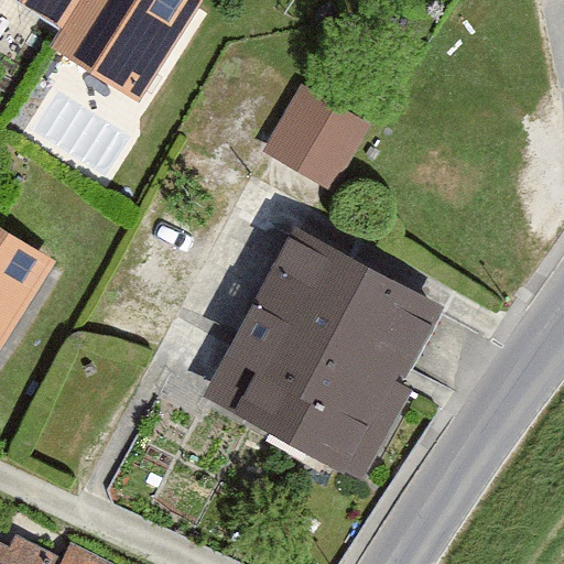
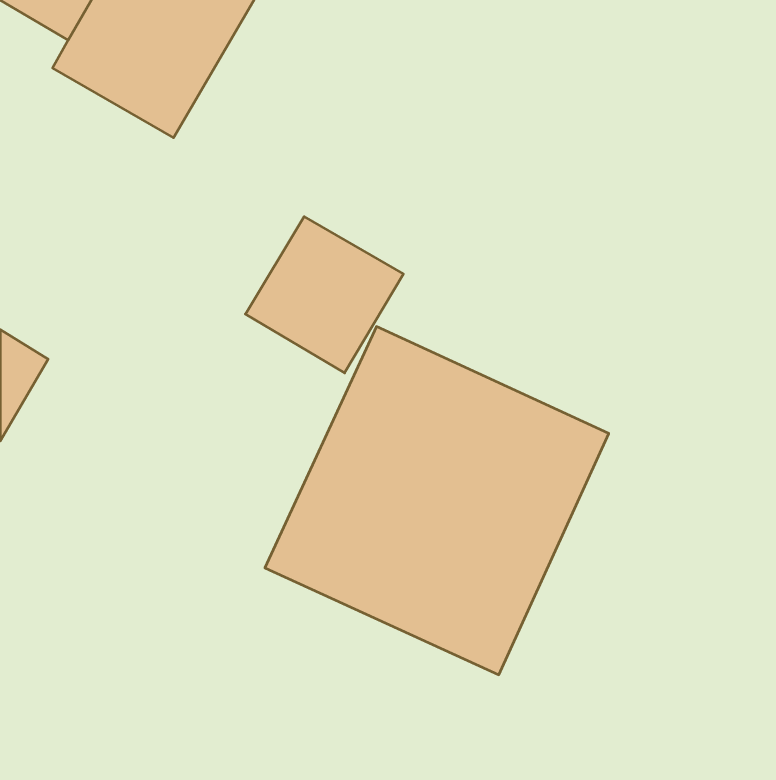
building: [268,75,380,186] -> [245,217,403,373]

